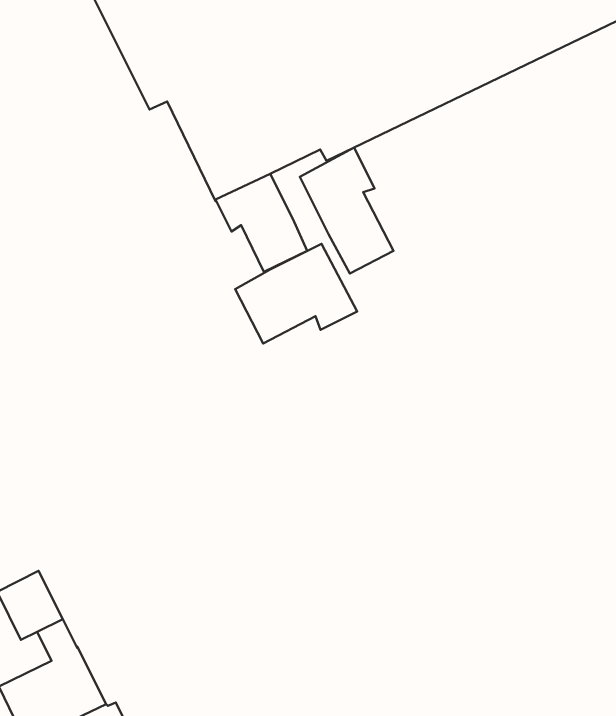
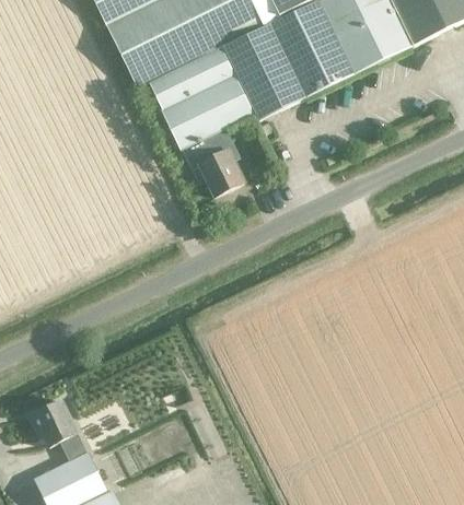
building: [300,148,393,273] -> none
building: [235,244,357,343] -> none

